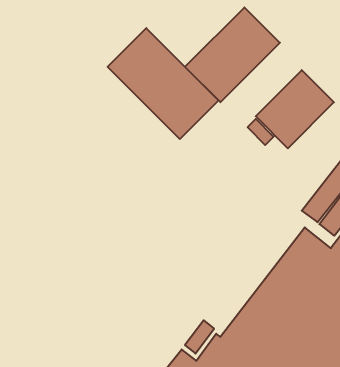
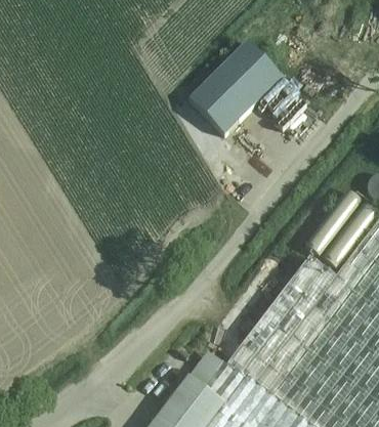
building: [108,28,219,139] -> none
building: [256,70,334,148] -> none

